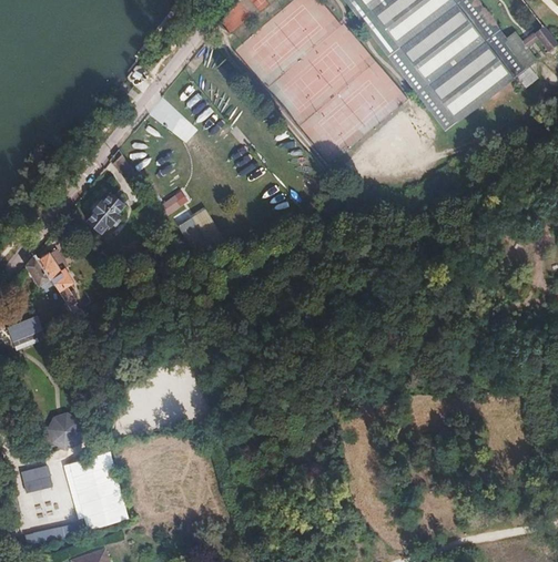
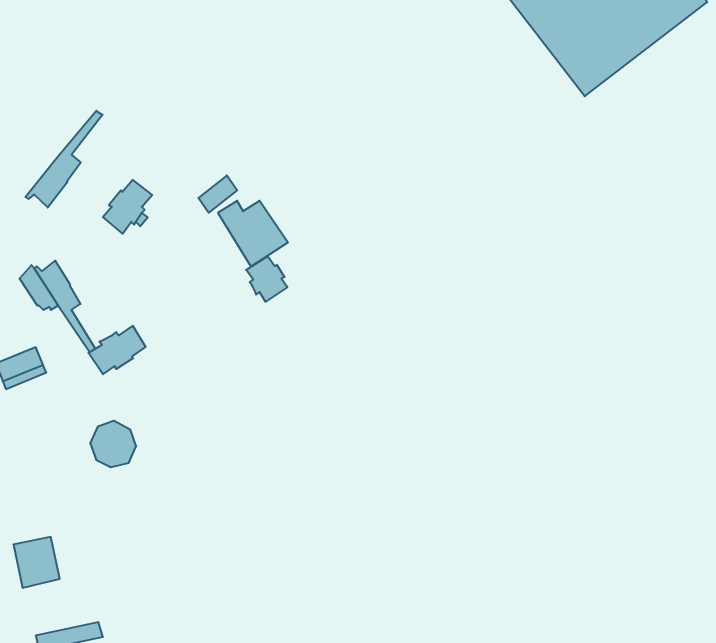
building: none -> [25,111,103,208]
building: none -> [246,256,287,302]
building: none -> [88,326,146,374]
building: [50,412,84,447] -> [90,421,136,467]

